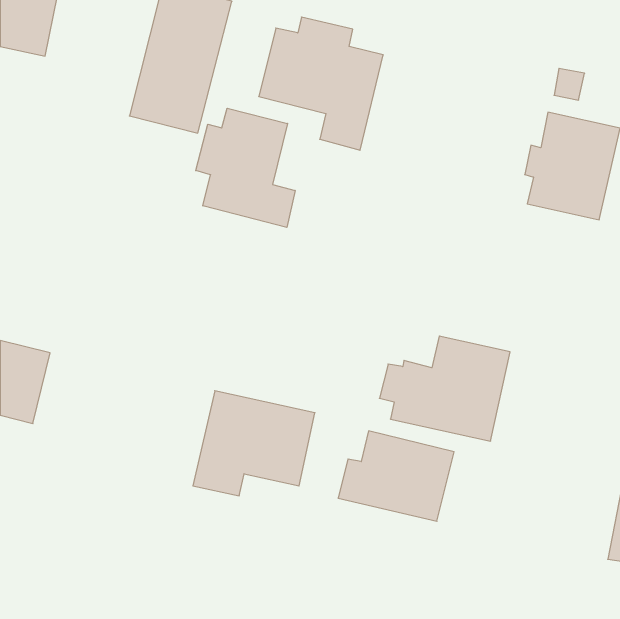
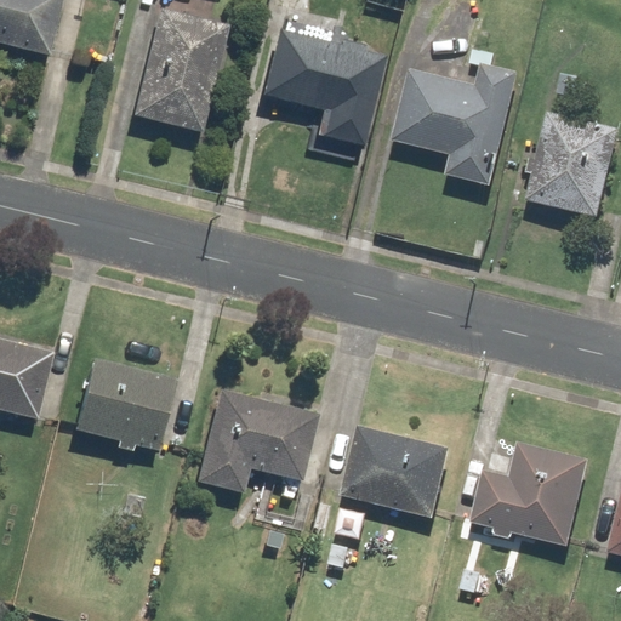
building: none -> [394,45,520,187]
building: [196,108,295,227] -> none
building: [379,336,510,441] -> [460,441,589,546]
building: none -> [72,358,175,451]

